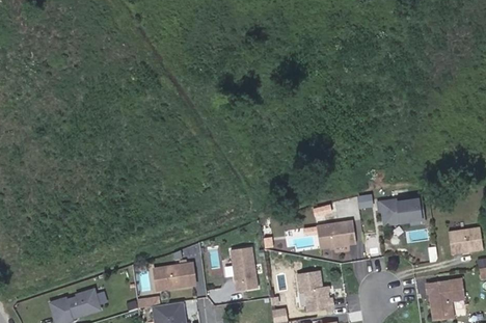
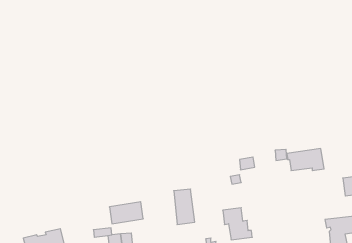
building: [321,221,356,247] -> none

